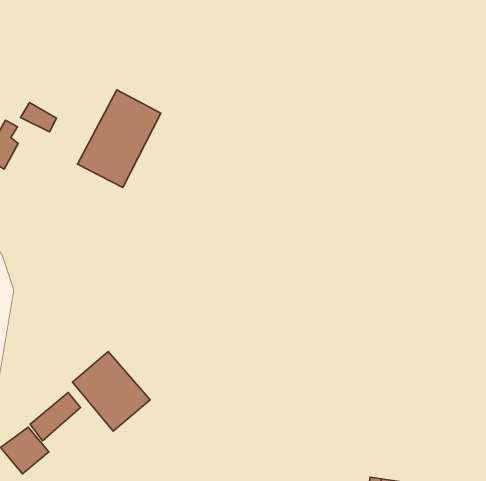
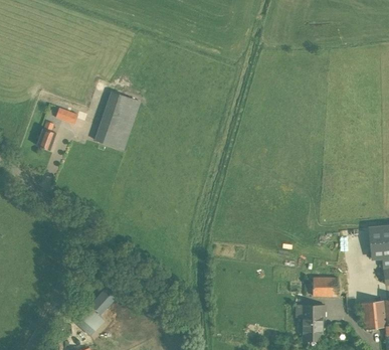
building: [72,351,150,431] -> none
building: none -> [313,277,338,296]

